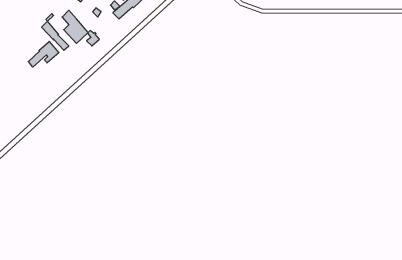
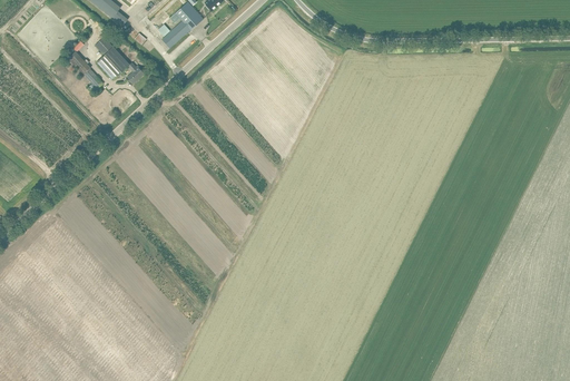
building: [28,41,59,67] -> none

